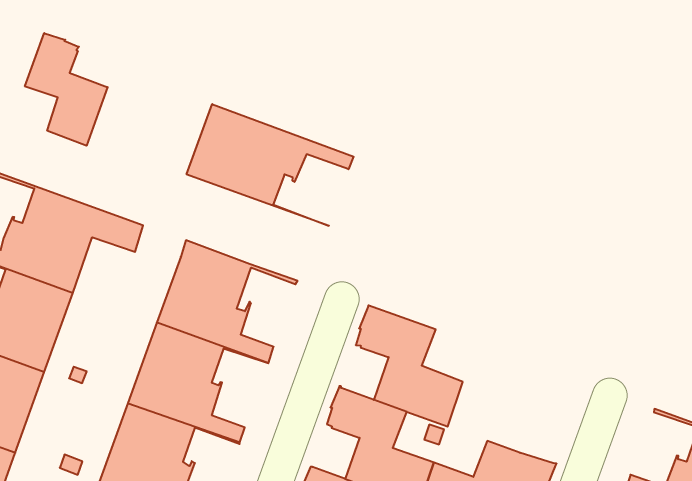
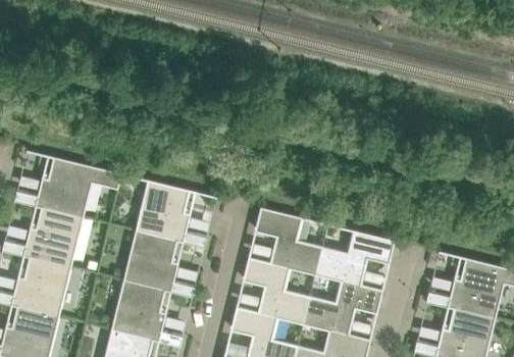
building: [25,33,108,146] -> none
building: [187,104,354,226] -> none
building: none -> [315,232,395,287]

